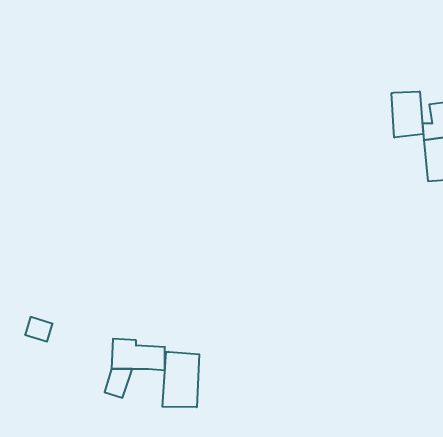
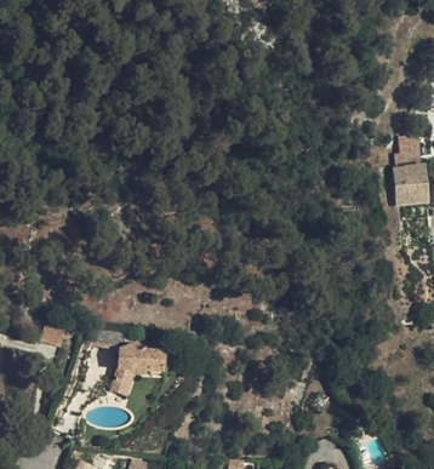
building: [392,91,423,138] -> none
building: [162,352,199,407] -> none

